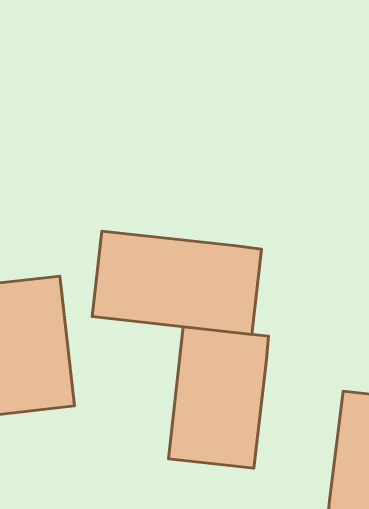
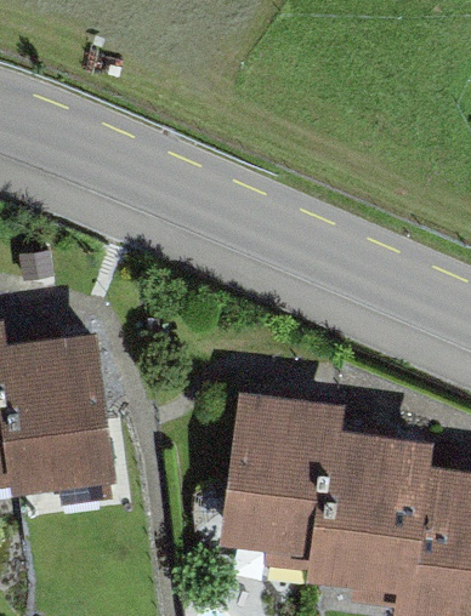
building: [92,231,262,334] -> none
building: none -> [318,432,427,594]

